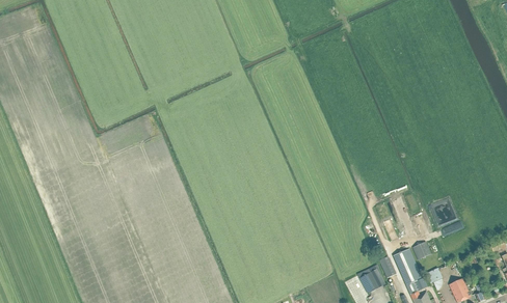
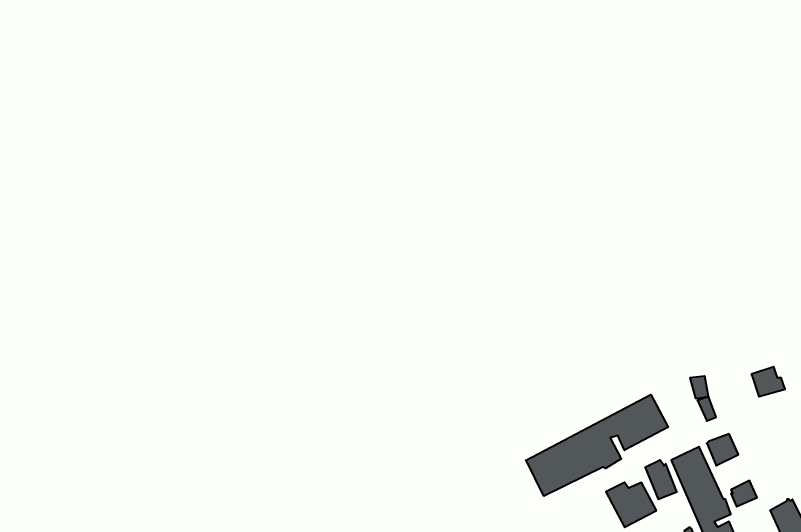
building: none -> [526,395,668,496]

